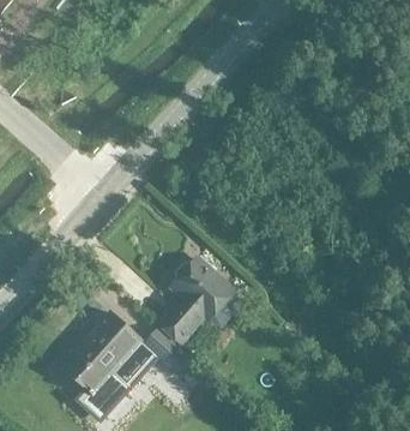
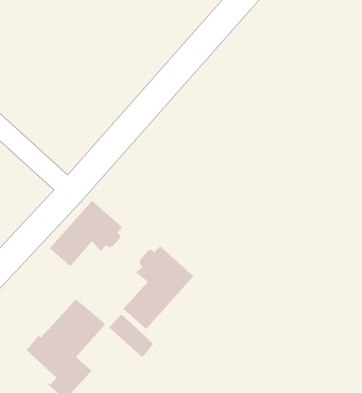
building: none -> [49,200,123,267]

